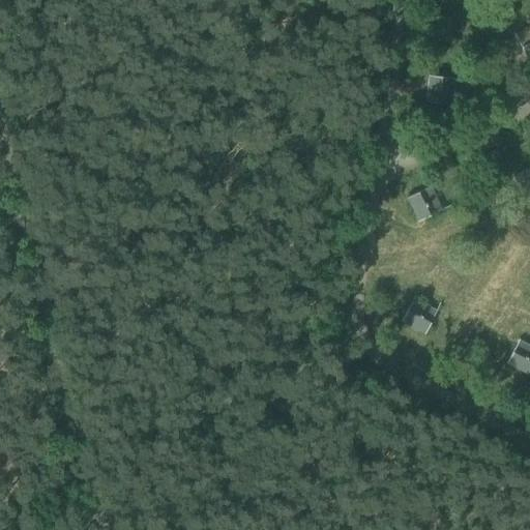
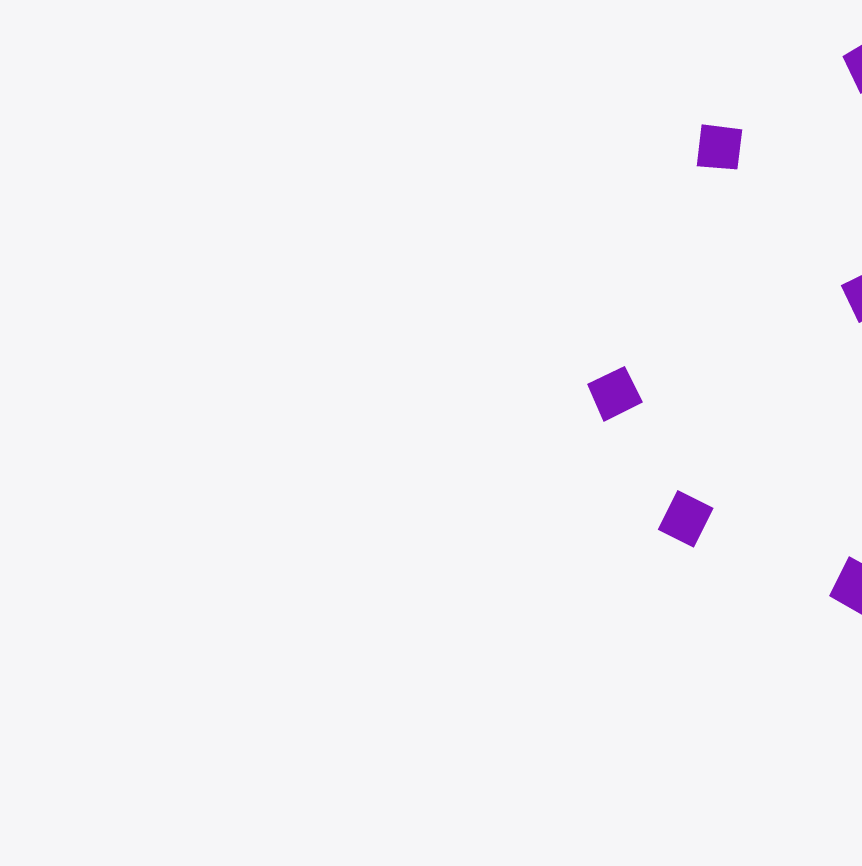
building: [409,186,444,222] -> [586,365,644,423]

